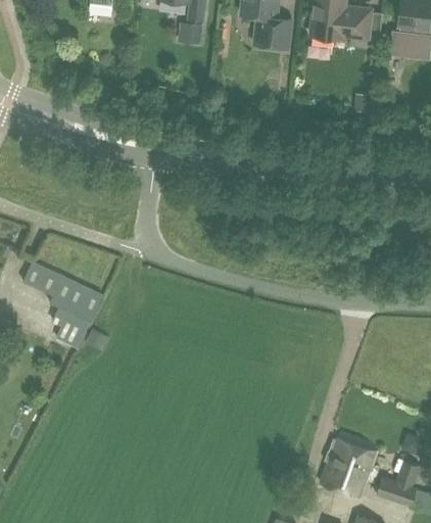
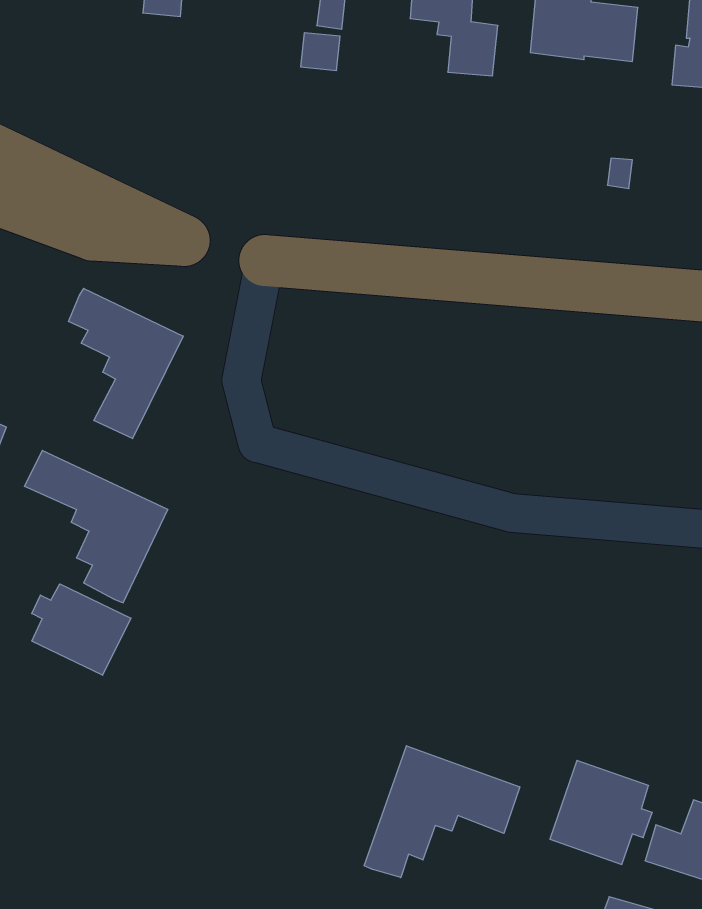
building: none -> [69,288,183,439]
building: none -> [32,584,131,675]
building: none -> [364,746,520,878]

